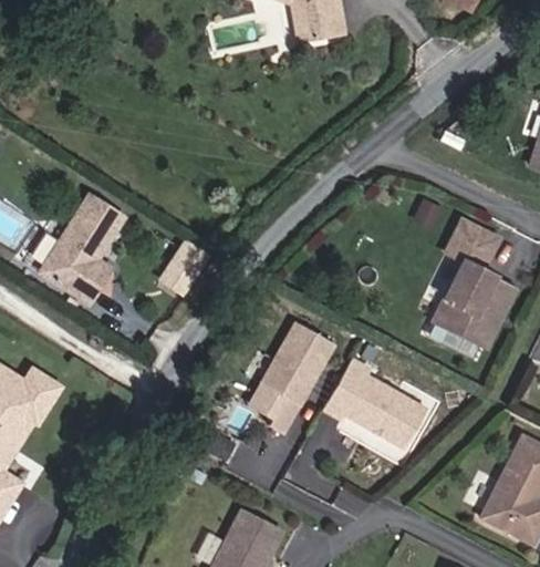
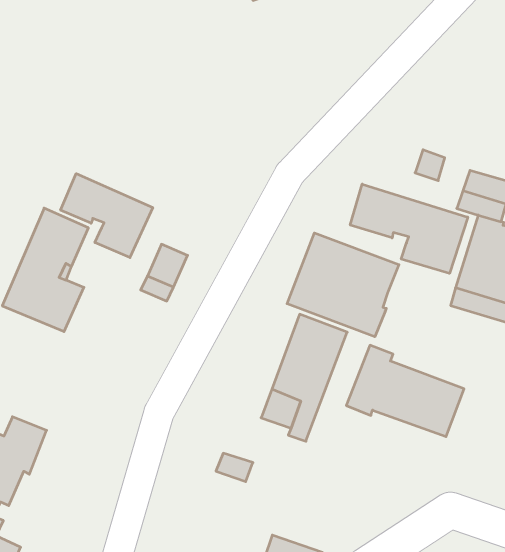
building: none -> [61,174,153,258]
building: none -> [350,184,468,273]
building: none -> [287,233,399,337]

